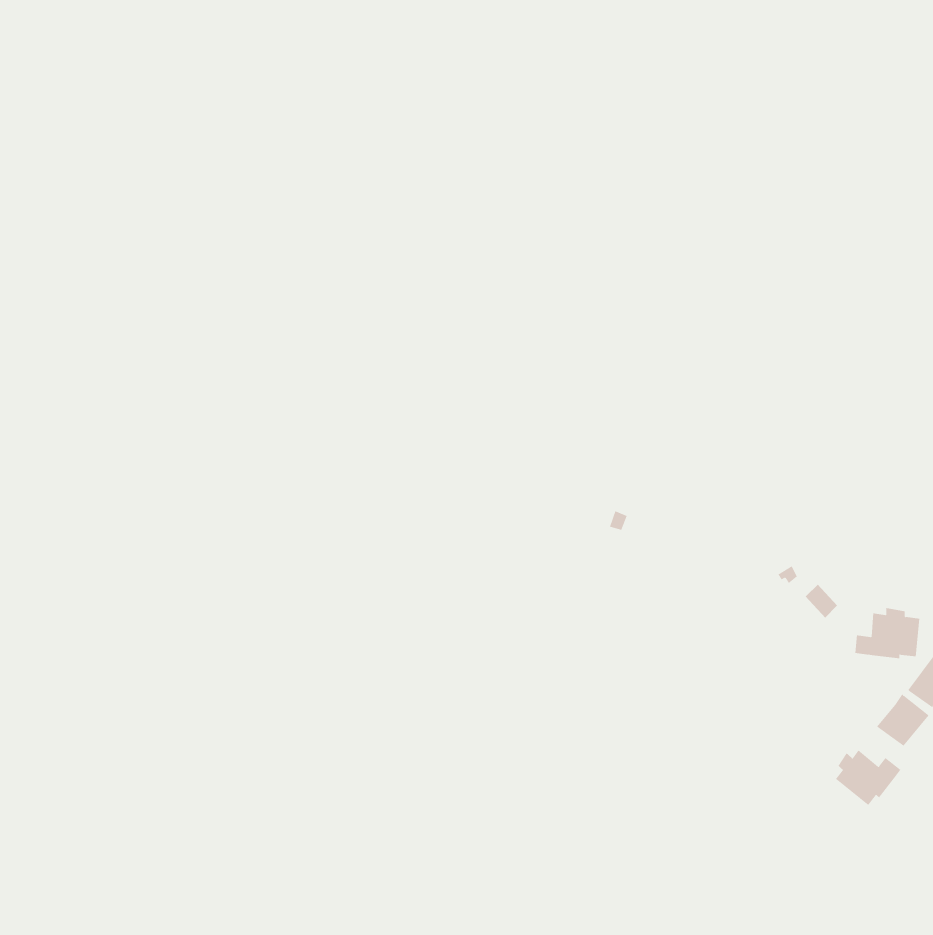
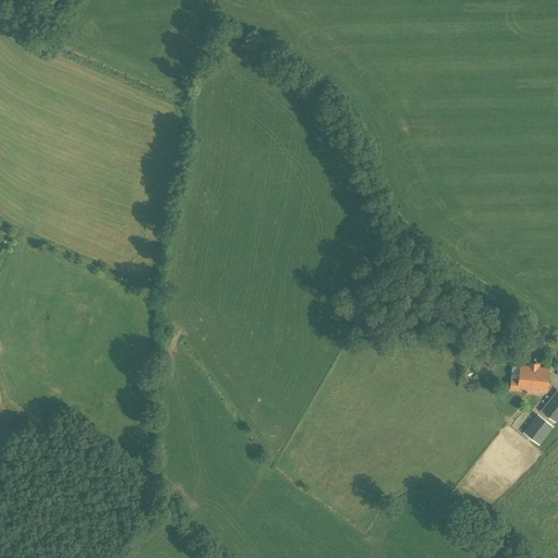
building: [835,750,901,806] -> none

